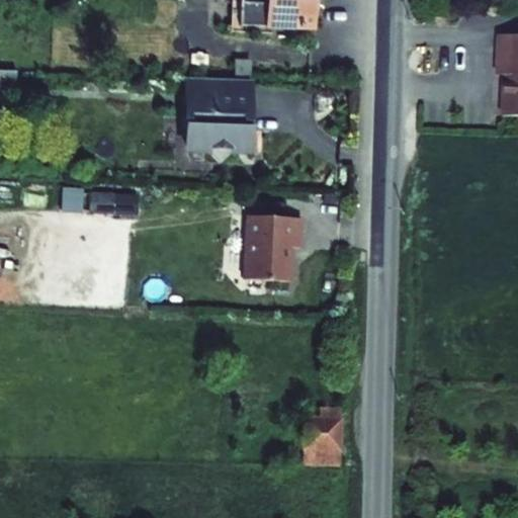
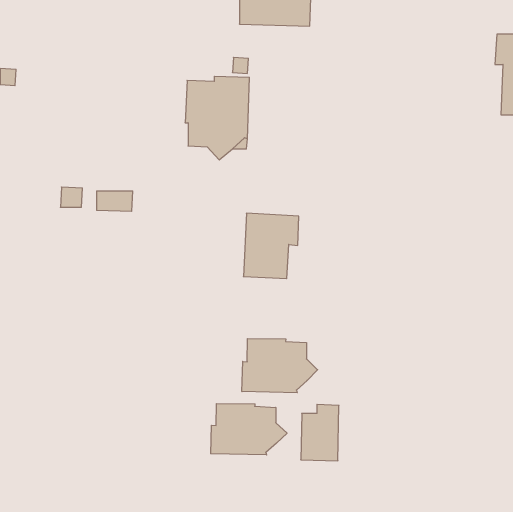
building: none -> [242,339,318,393]
building: none -> [211,404,287,455]

